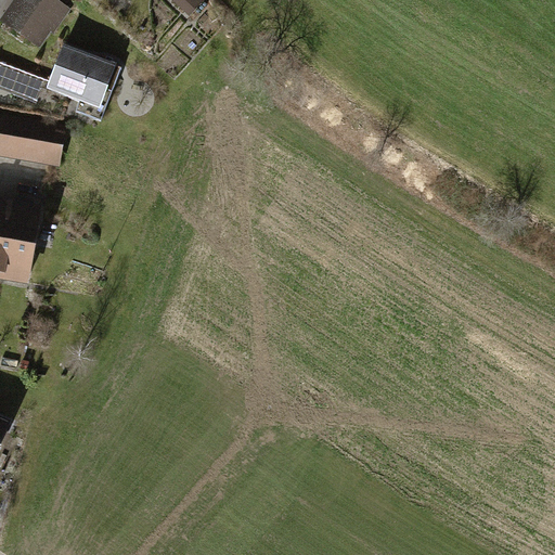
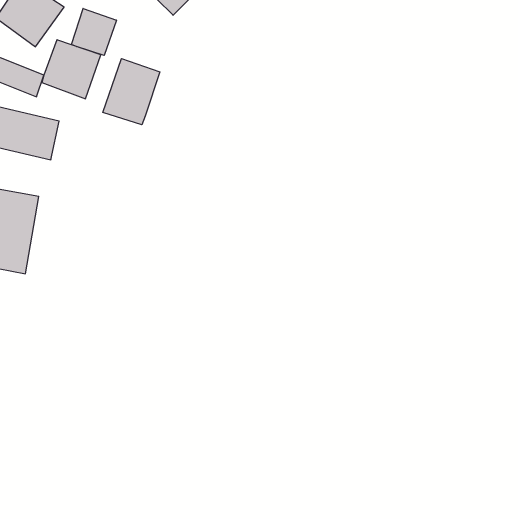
building: none -> [71,8,116,55]
building: none -> [103,59,160,125]

